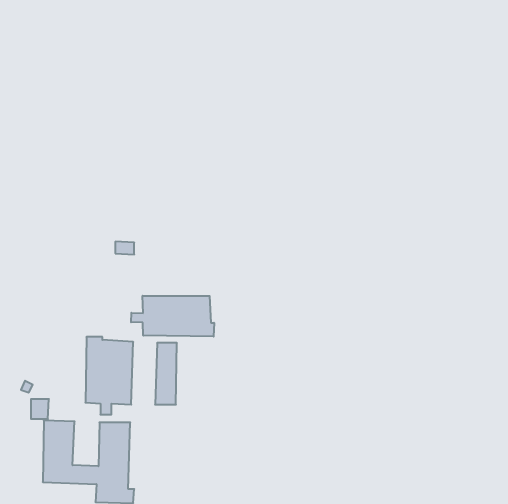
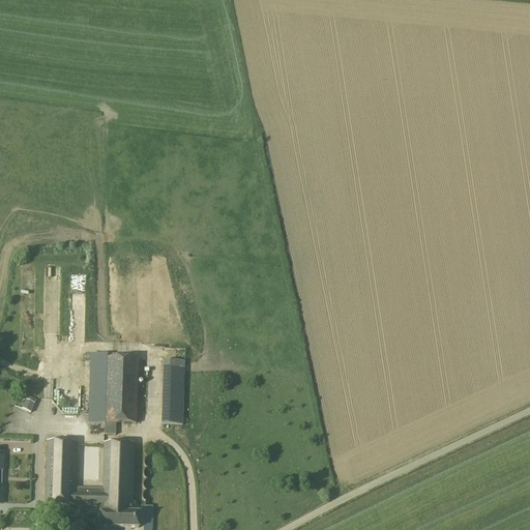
building: [131,296,214,337] -> none
building: [31,399,49,419] -> [81,446,99,467]

